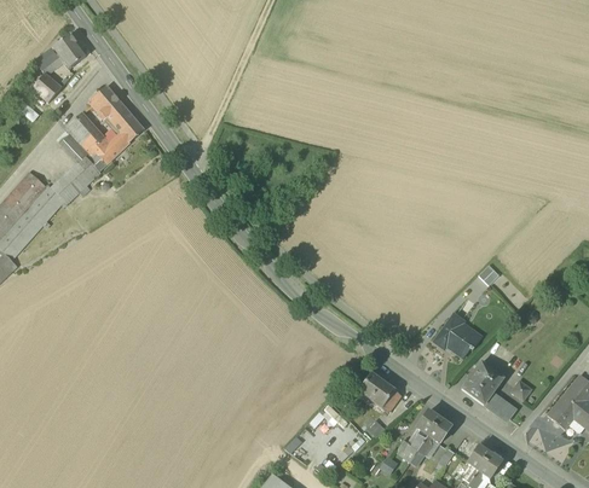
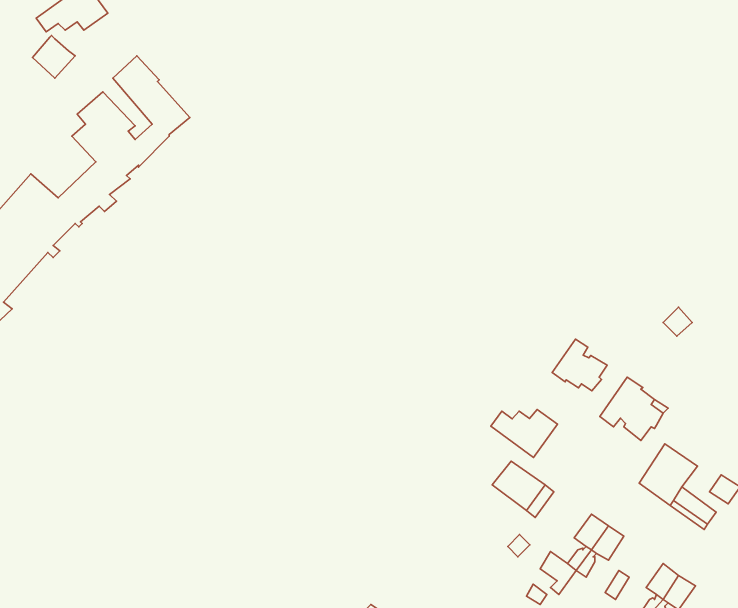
building: none -> [552,339,607,391]
building: none -> [491,409,558,457]

